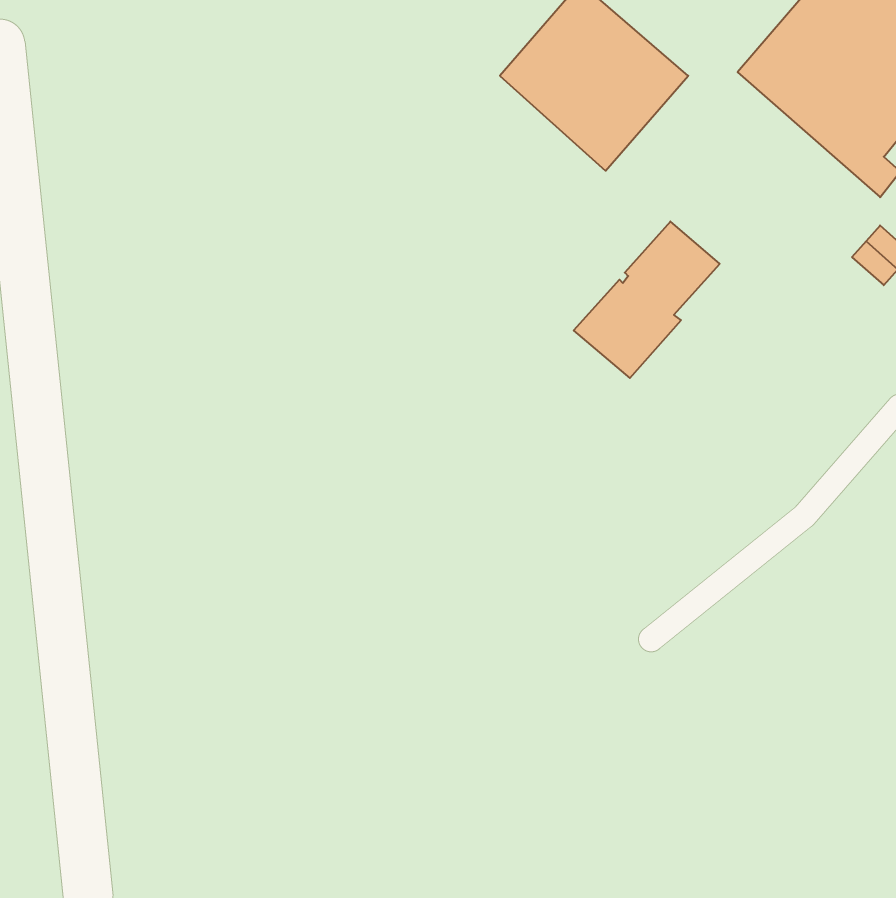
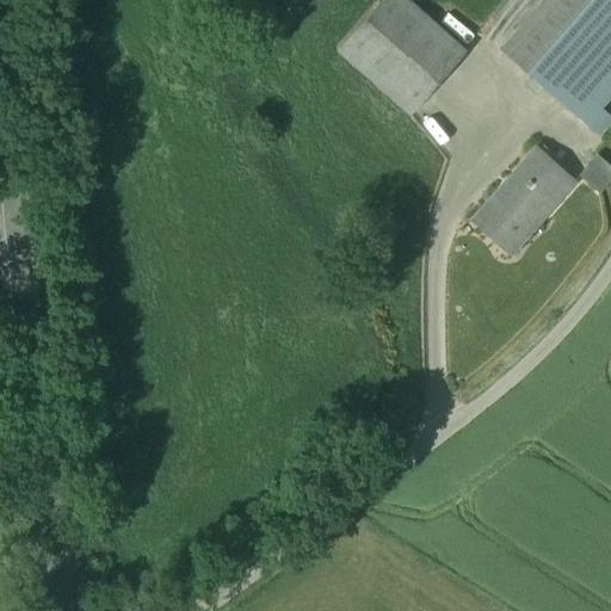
building: [574,221,720,378] -> [474,147,573,253]

